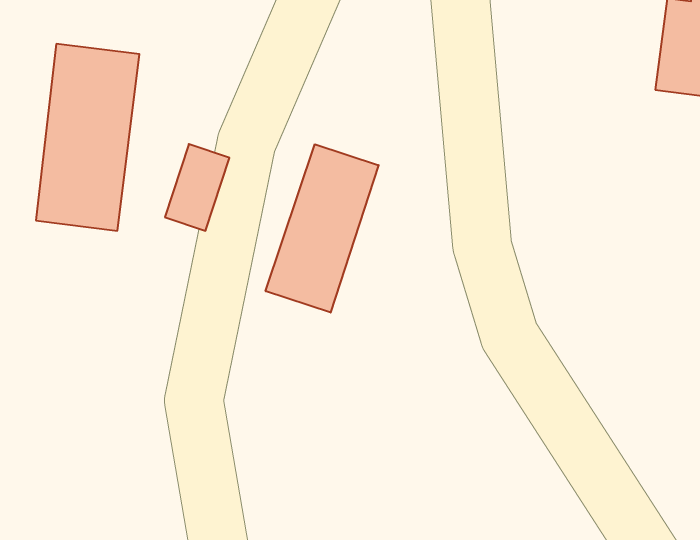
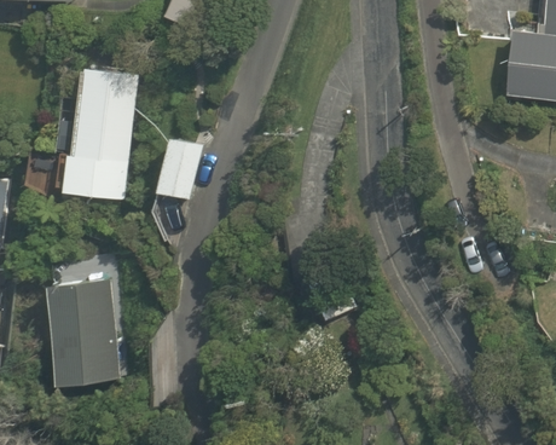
building: [266,144,379,313] -> none
building: none -> [52,284,111,386]

